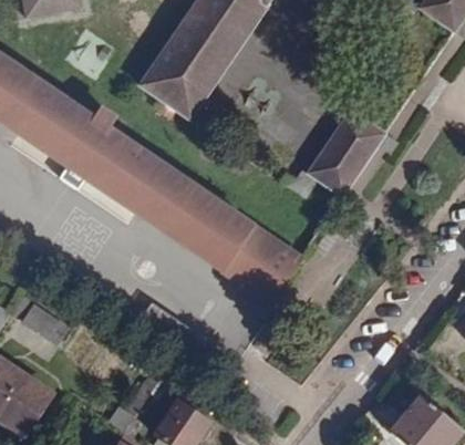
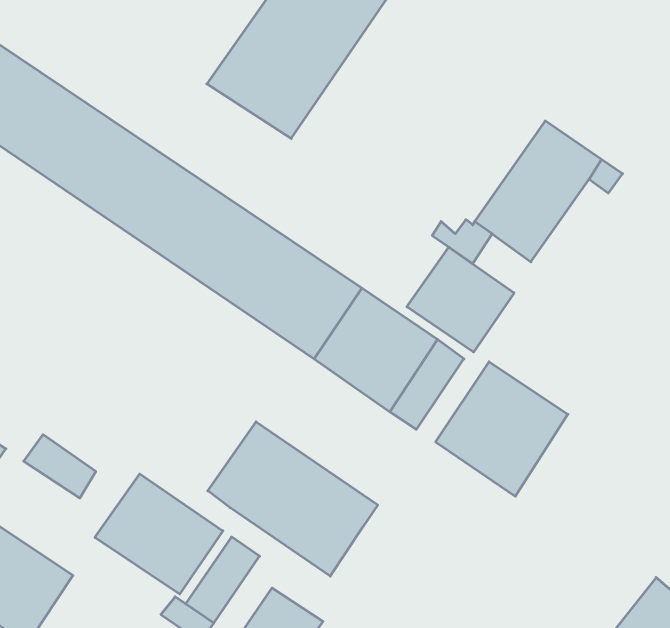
building: none -> [407,247,514,352]
building: none -> [436,362,568,496]
building: none -> [208,422,378,576]
building: none -> [95,474,223,594]

